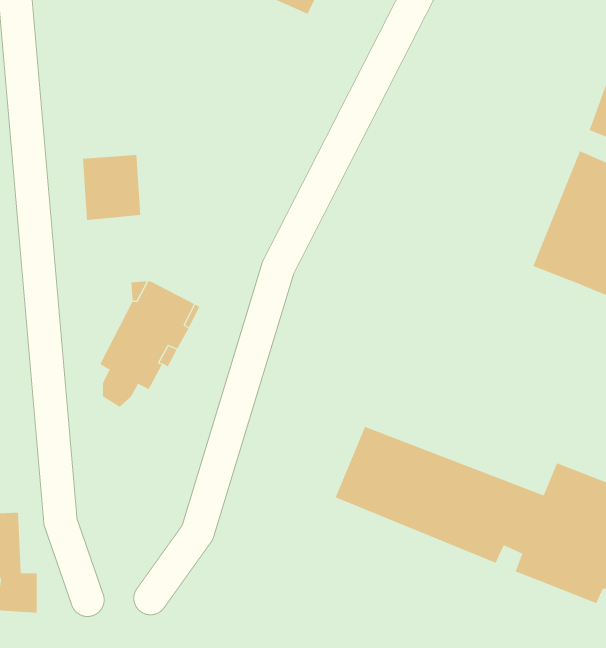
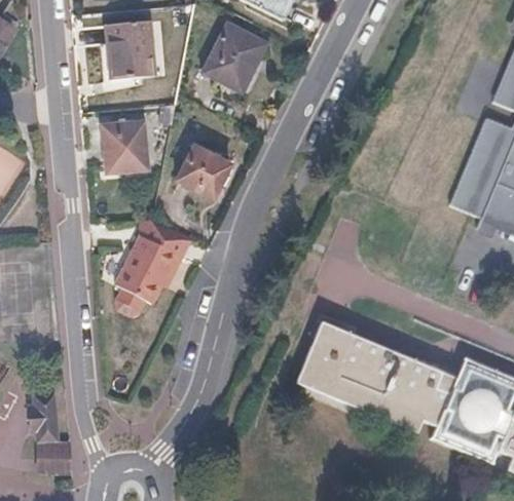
building: none -> [108,18,154,77]
building: none -> [203,23,267,86]
building: none -> [178,145,230,197]

